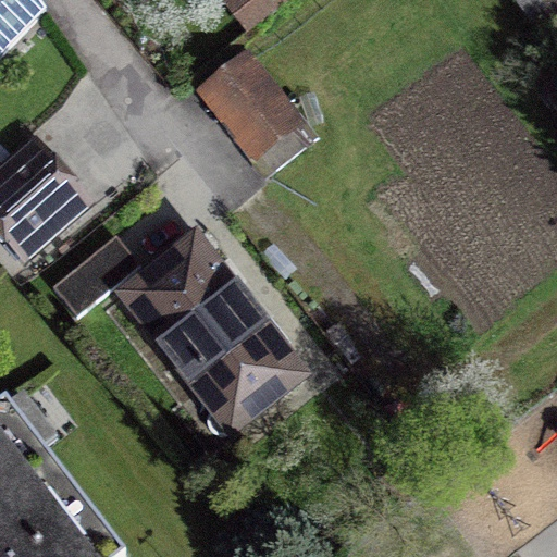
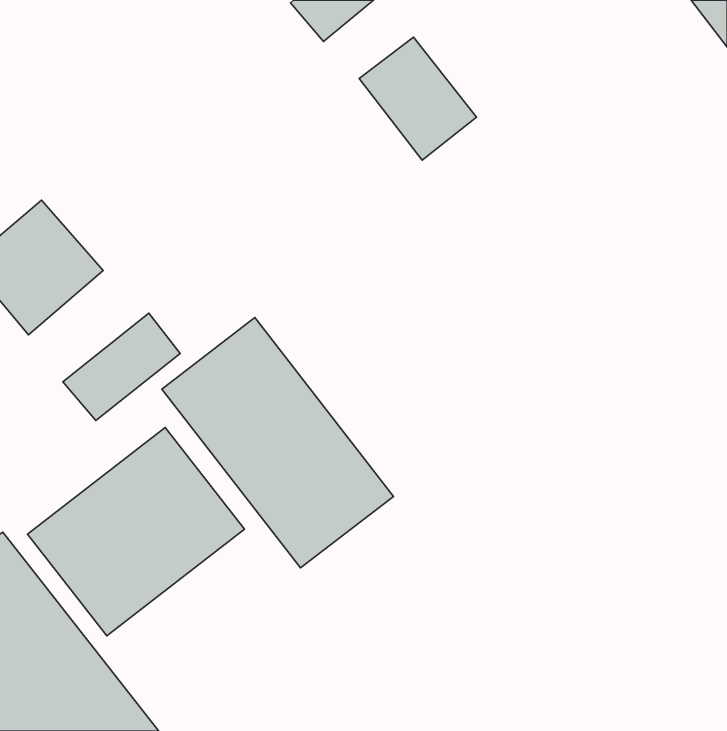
building: [203,62,293,156] -> [359,37,476,160]
building: none -> [28,427,245,636]

